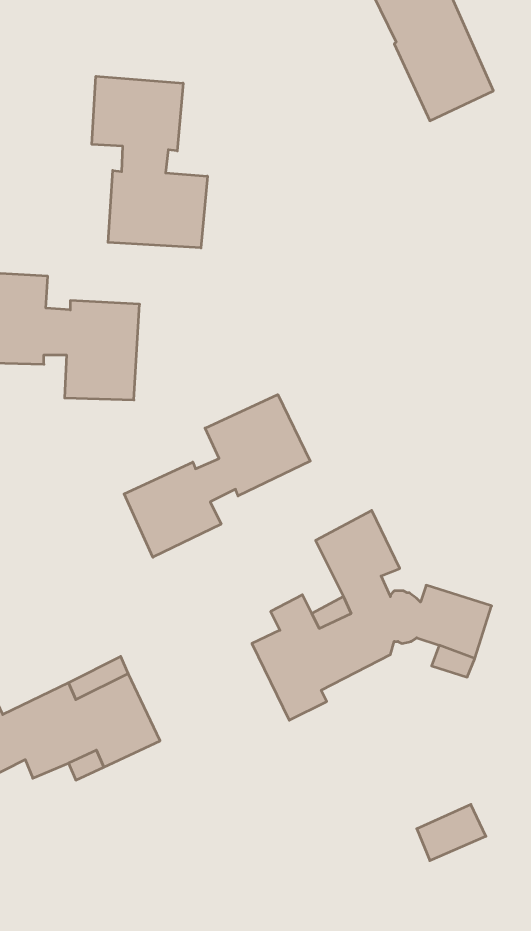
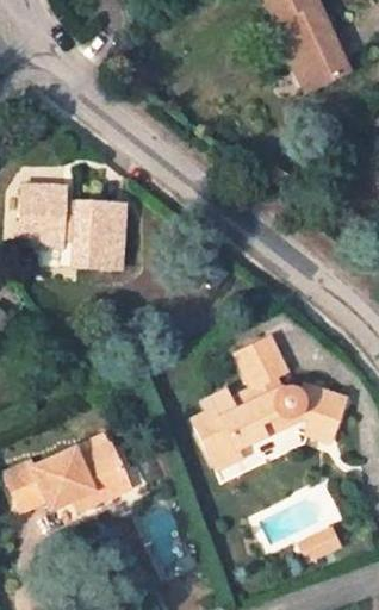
building: [92,76,207,248] -> none
building: [124,395,310,557] -> none

